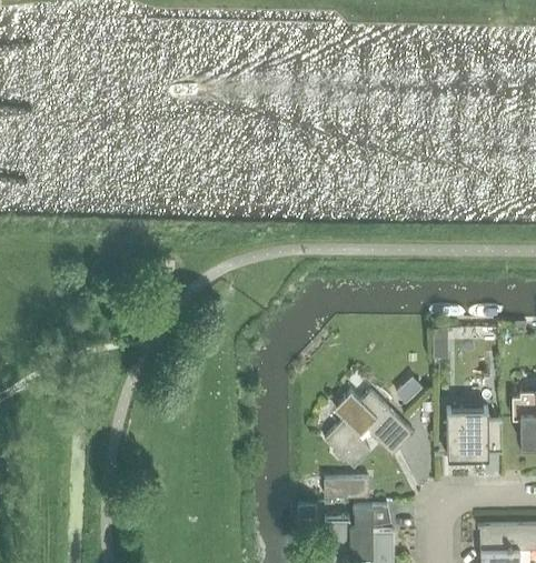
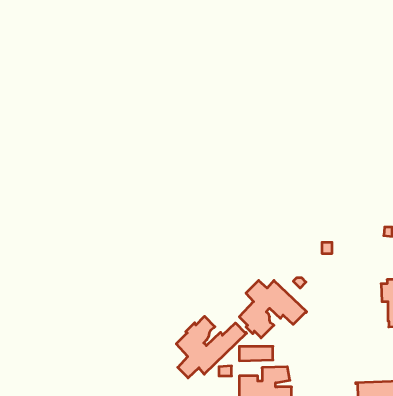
building: [447,408,503,458] -> none
building: none -> [176,316,247,378]

